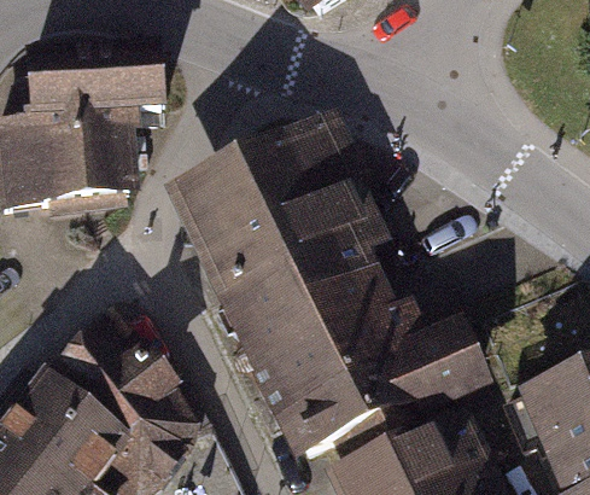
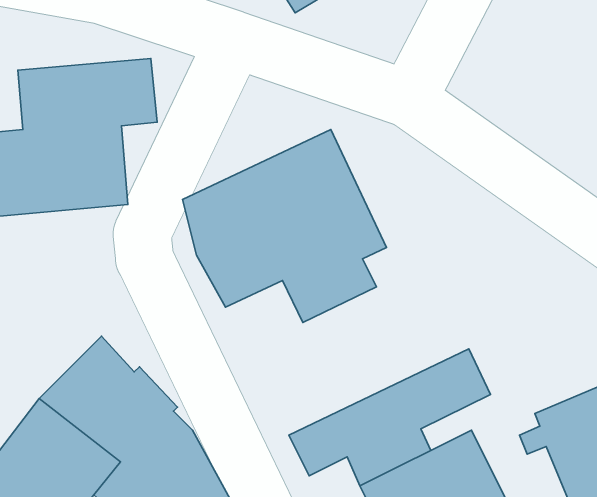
building: [226,268,419,415] -> none

